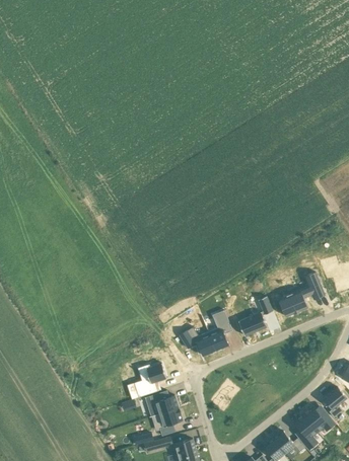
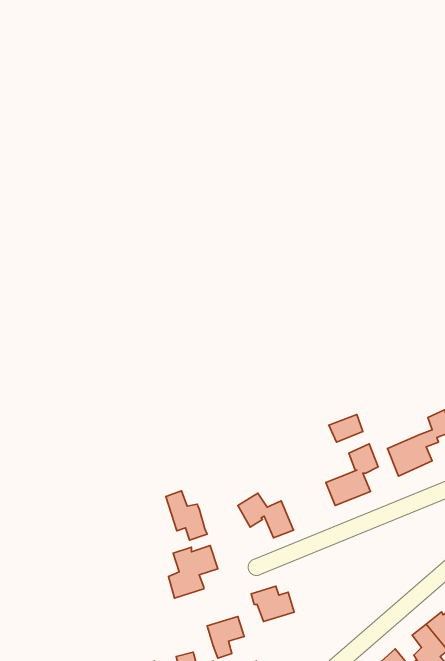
building: [208,312,232,353] -> none
building: none -> [166,491,207,540]
building: [151,392,180,415] -> [251,586,294,622]

